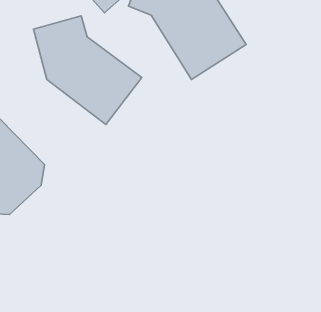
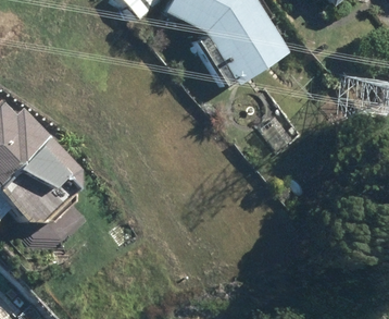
building: [34,16,142,124] -> none

